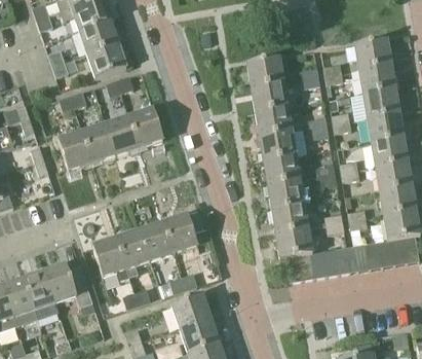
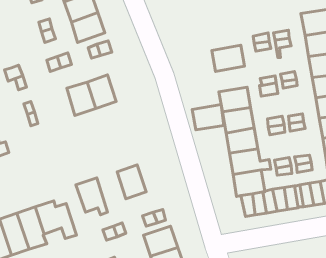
building: [246,57,284,87] -> none
building: [255,106,292,136] -> [192,104,224,130]
building: [128,108,162,147] -> none
building: [59,132,90,172] -> none
building: [163,213,197,253] -> none
building: [116,229,150,277] -> none

